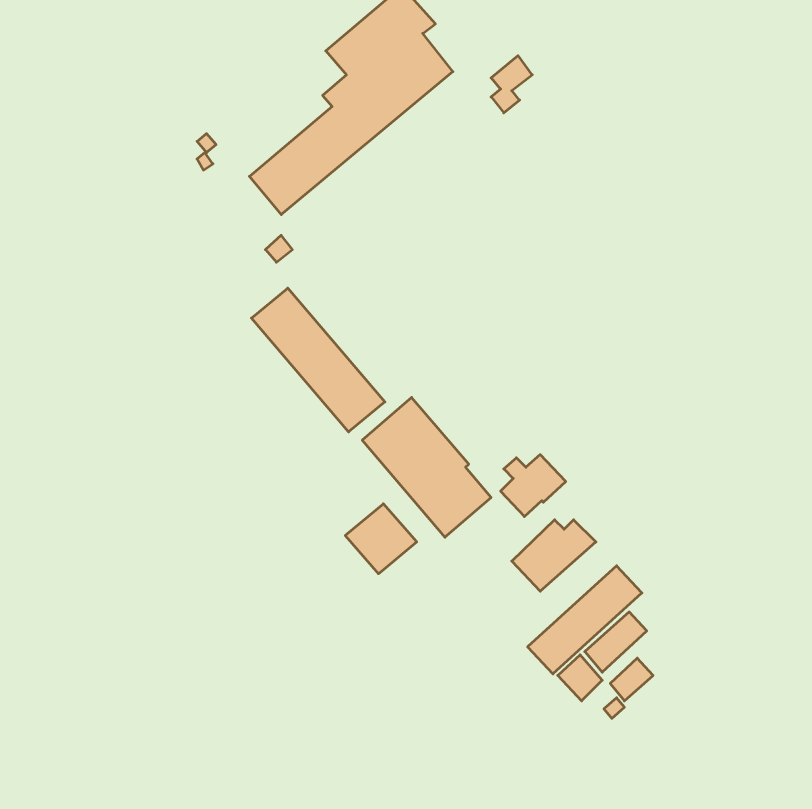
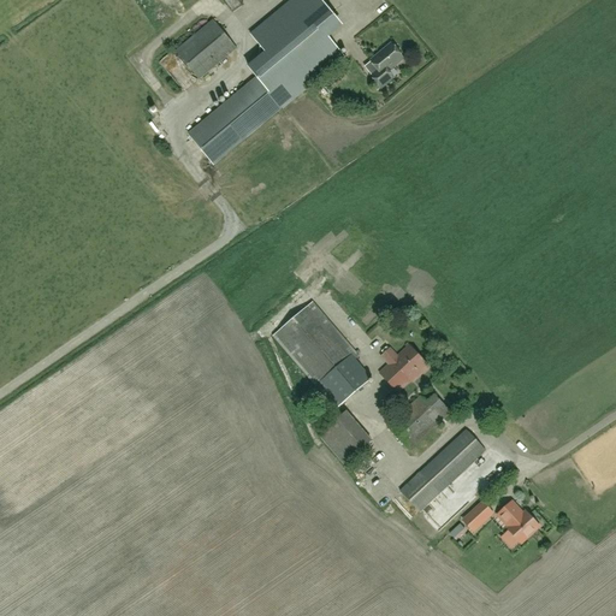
building: none -> [176,18,237,77]
building: [251,288,385,432] -> none
building: [345,504,417,574] -> [318,409,372,462]
building: none -> [498,500,539,541]

